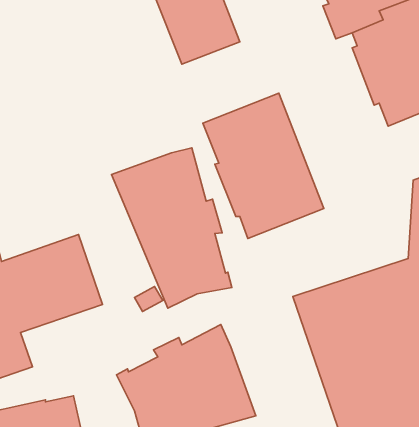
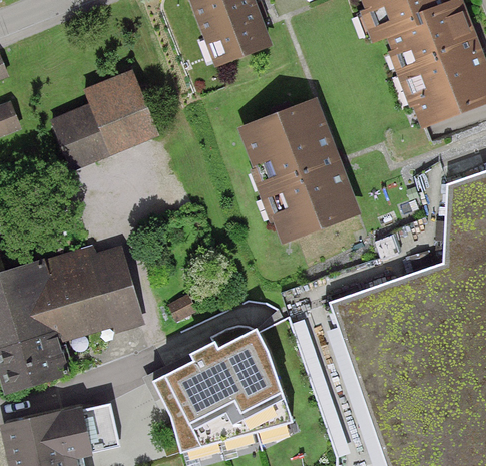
building: none -> [50,70,153,171]
building: [112,148,232,308] -> none

